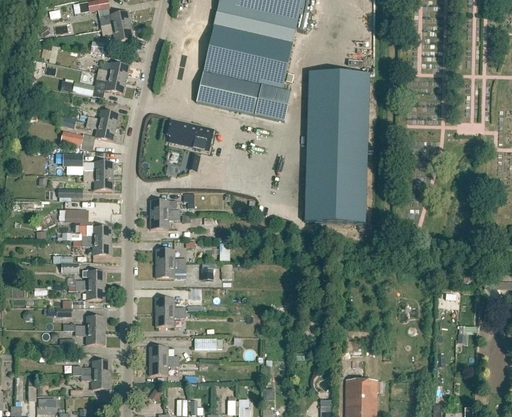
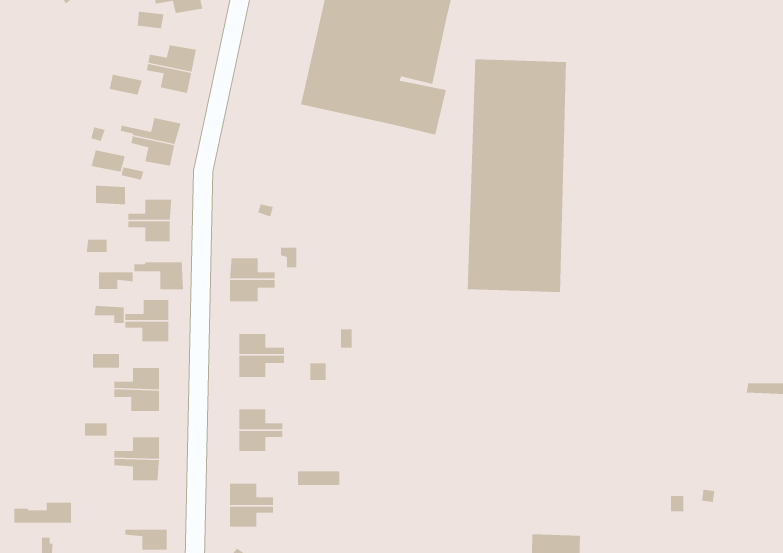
building: [166,118,214,150] -> none
building: none -> [133,261,184,290]
building: [72,362,110,376] -> [13,502,72,523]

